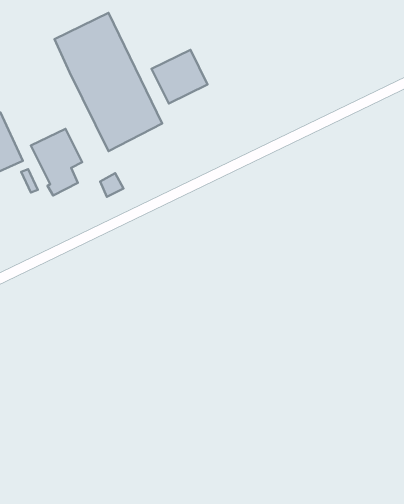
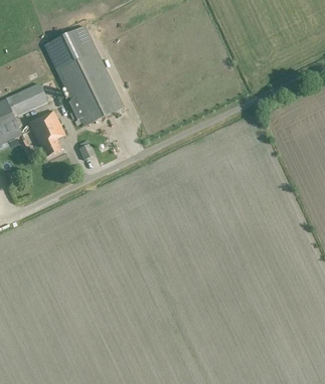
building: [151,50,208,104] -> none
building: none -> [10,82,47,115]

